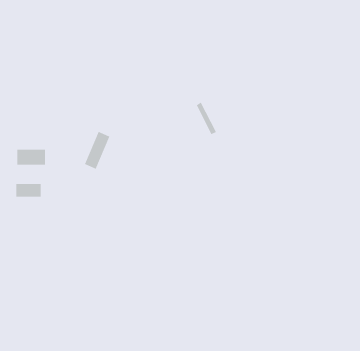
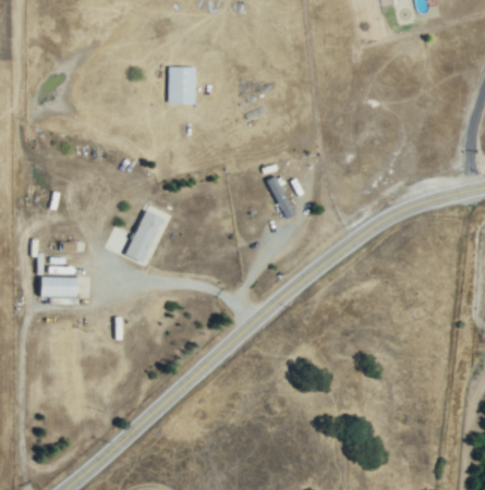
building: none -> [170,68,194,101]
building: [17,149,45,165] -> none

